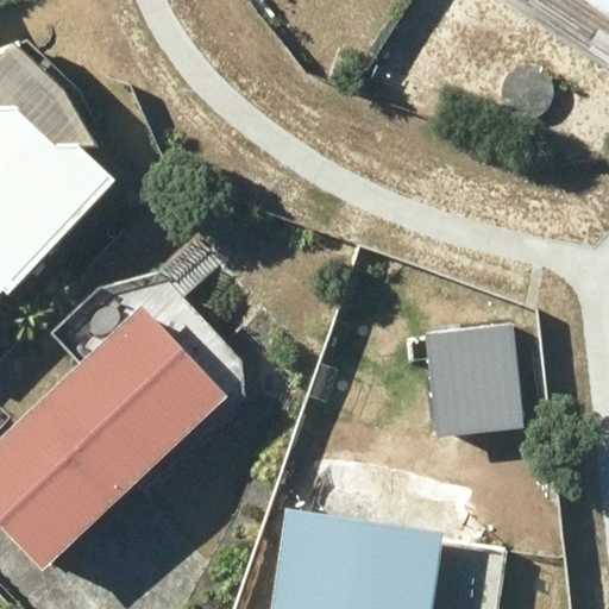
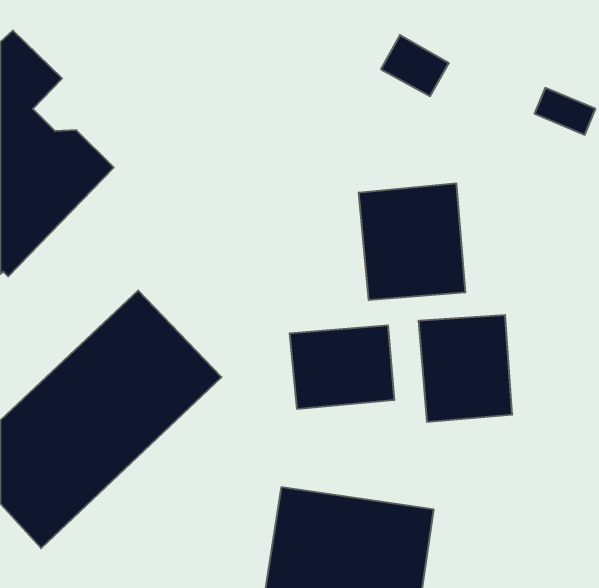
building: none -> [359,183,465,300]
building: none -> [290,325,394,409]

